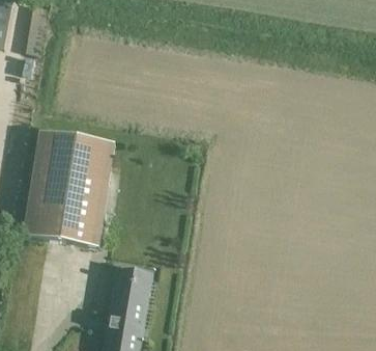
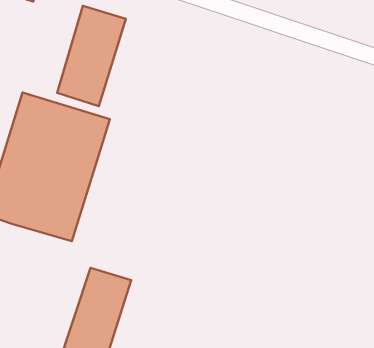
building: none -> [57,6,126,106]

